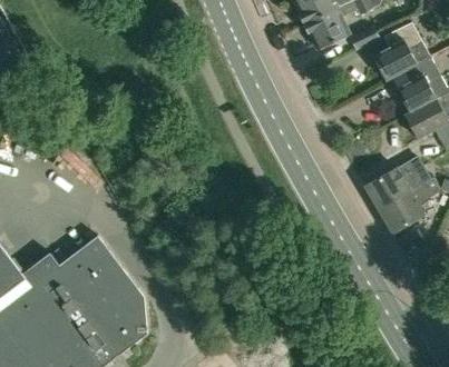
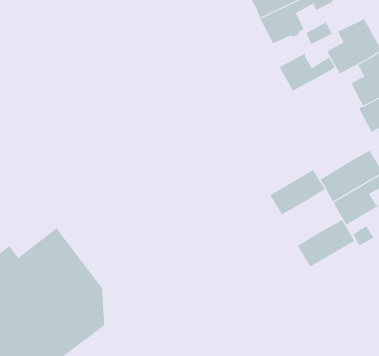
building: none -> [279,53,336,92]
building: none -> [269,169,325,215]
building: none -> [297,219,355,267]

